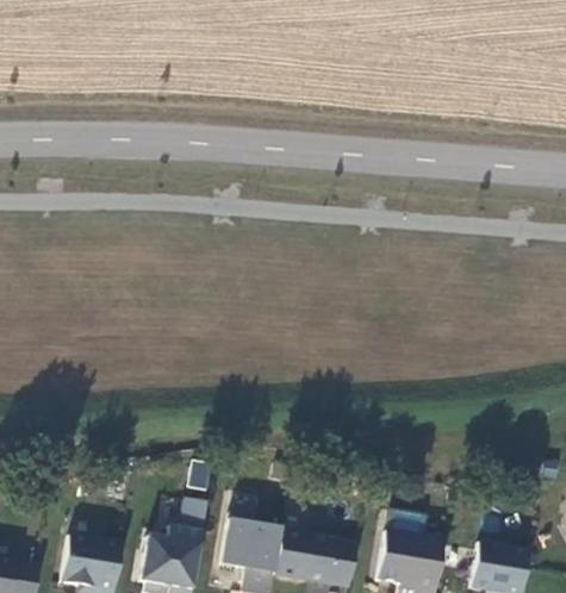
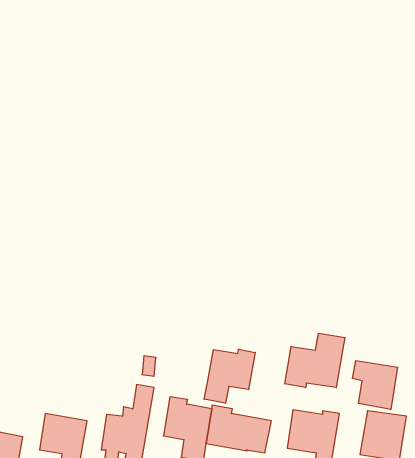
building: none -> [285,333,345,388]
building: none -> [204,349,255,403]
building: none -> [353,361,398,410]

